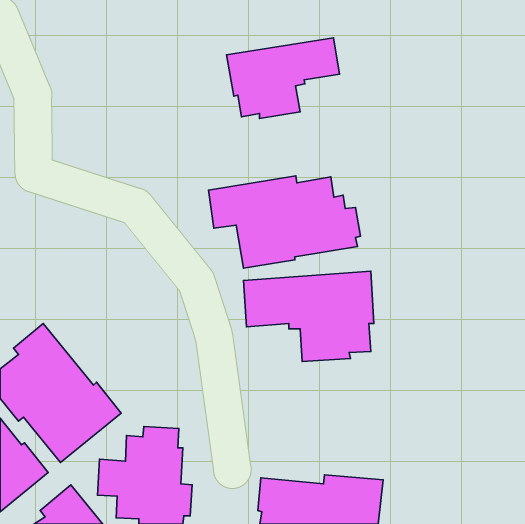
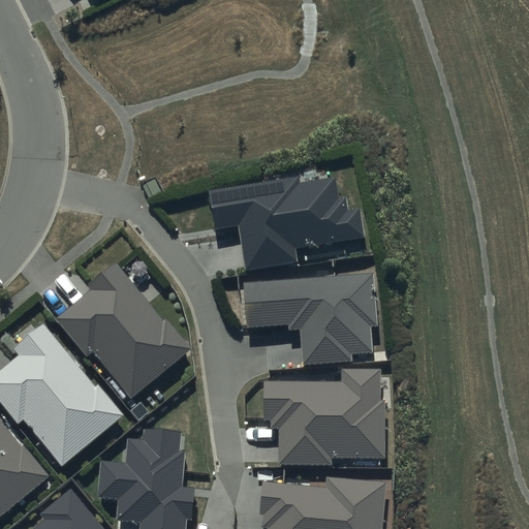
building: [227,38,339,119] -> none
building: none -> [56,262,191,397]
building: none -> [263,369,384,465]

